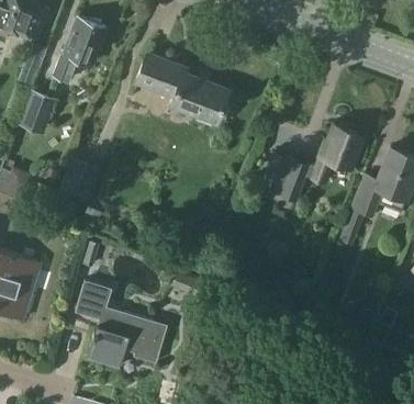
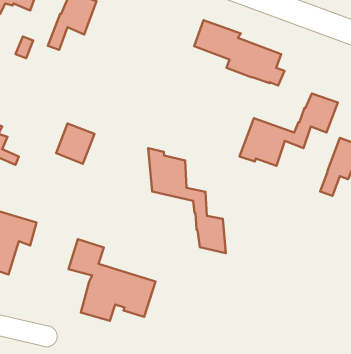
building: [135,54,231,123] -> [194,20,284,85]
building: [20,91,58,136] -> none
building: none -> [148,148,226,253]

